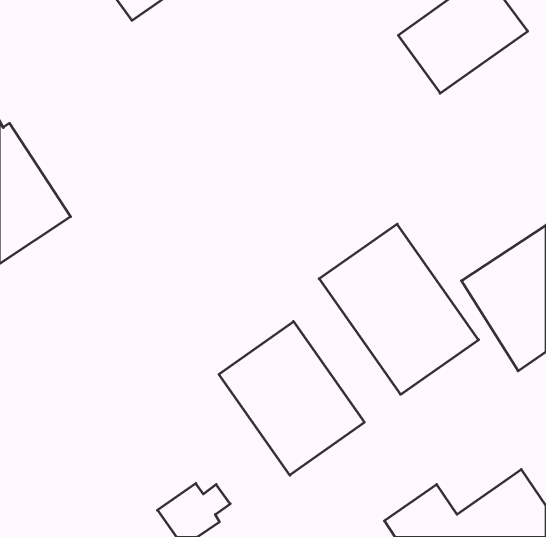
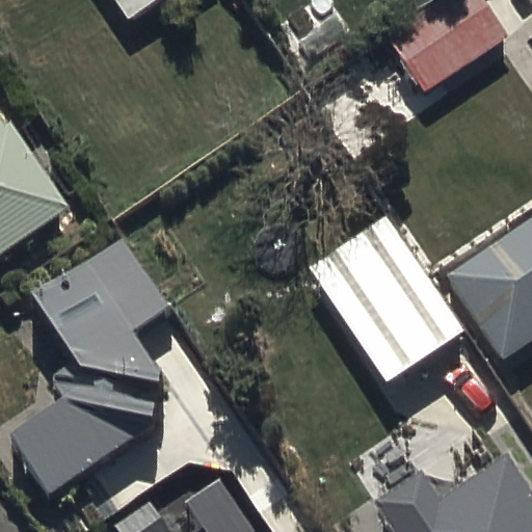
building: none -> [14,238,170,494]
building: [219,321,364,475] -> none

